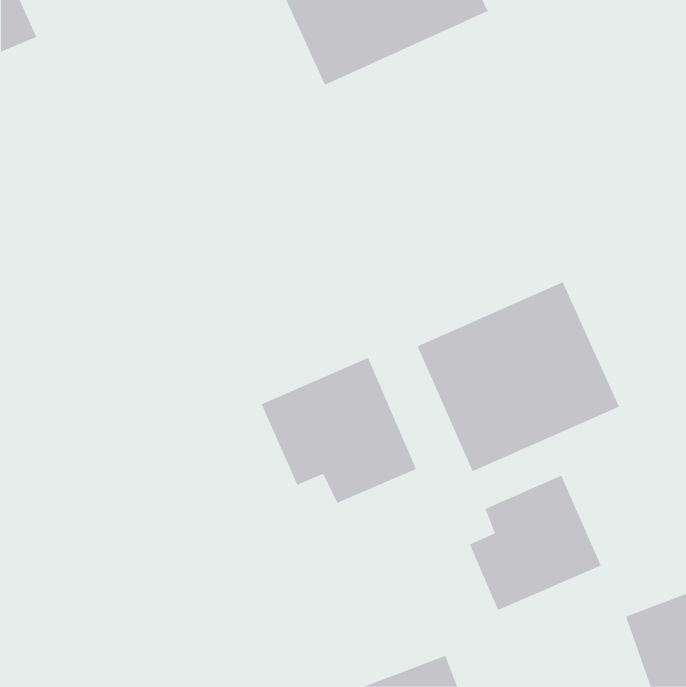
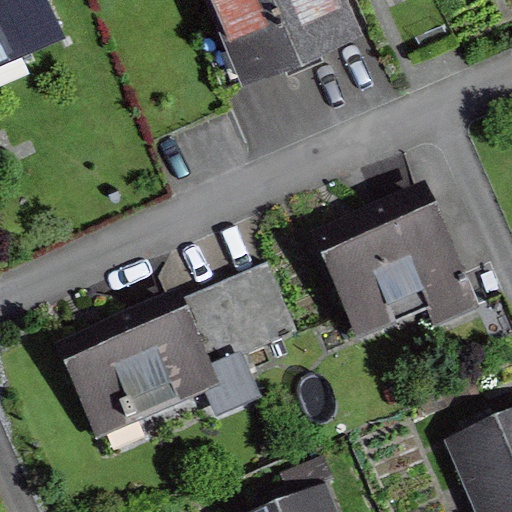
building: none -> [60,309,215,442]
building: [469,475,601,611] -> none

